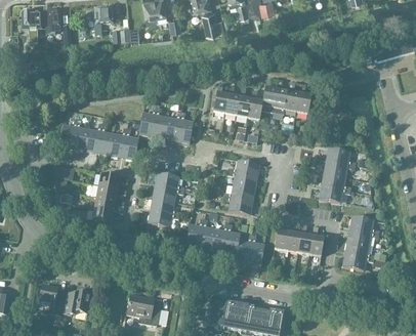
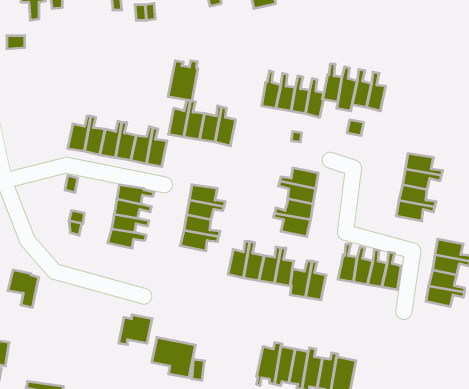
building: none -> [168,61,198,101]
building: [39,285,64,314] -> [8,270,39,307]
building: [64,290,90,313] -> [119,315,152,345]

